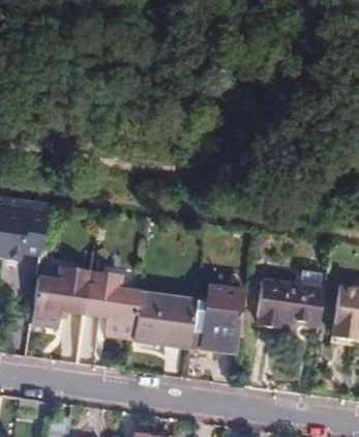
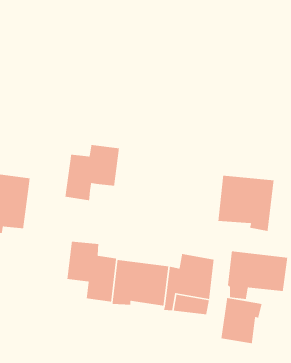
building: none -> [217,175,274,232]
building: [32,266,91,327] -> [65,144,120,201]
building: none -> [220,297,262,344]

